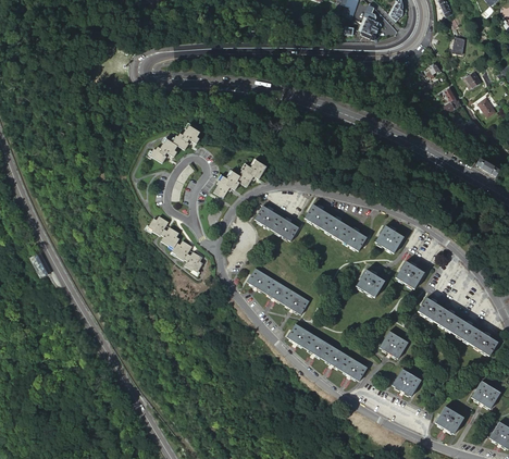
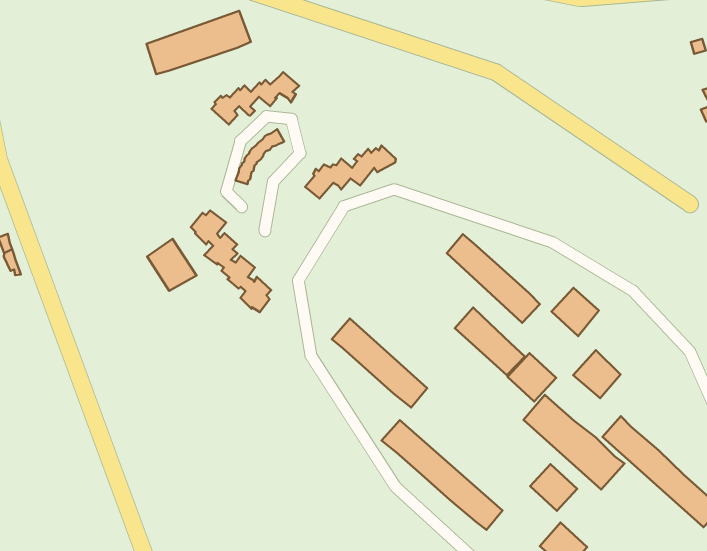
building: none -> [146,11,251,74]
building: [253,204,298,241] -> [455,308,525,375]
building: none -> [147,239,197,291]
building: none -> [523,395,625,489]

